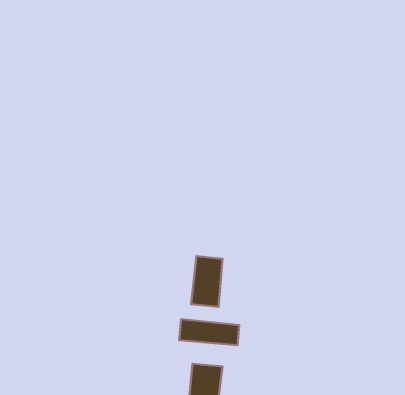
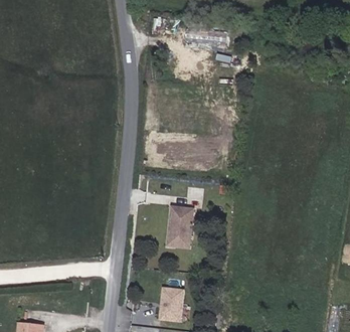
building: [179,319,239,345] -> none

